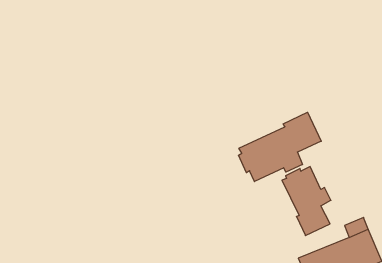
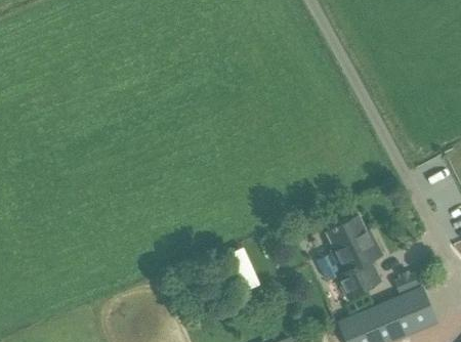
building: [239,112,321,182] -> none

